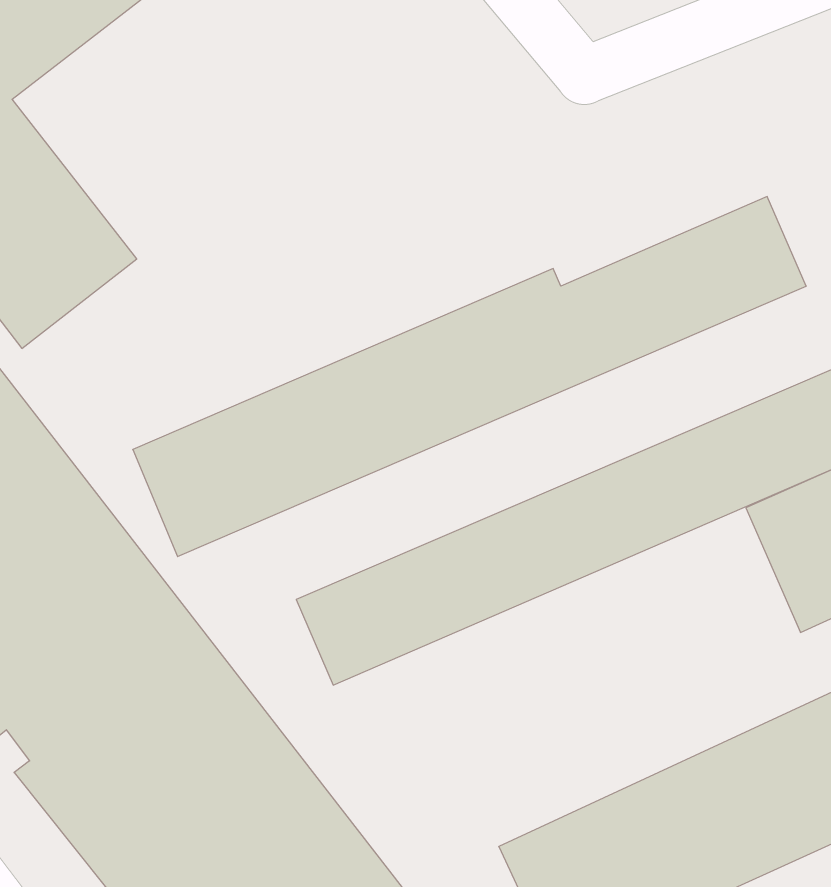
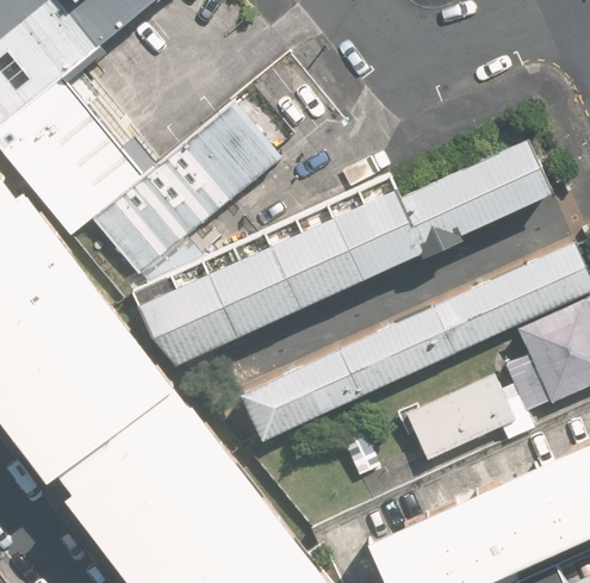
building: none -> [101,107,284,269]
building: none -> [406,378,514,461]

